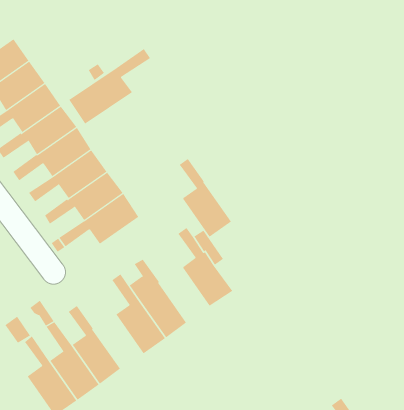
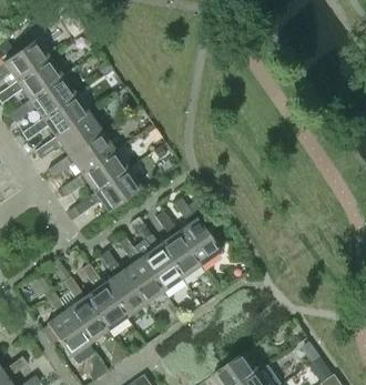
building: [69,48,151,125] -> none
building: [179,158,232,238] -> [154,212,199,278]
building: none -> [99,251,143,317]

